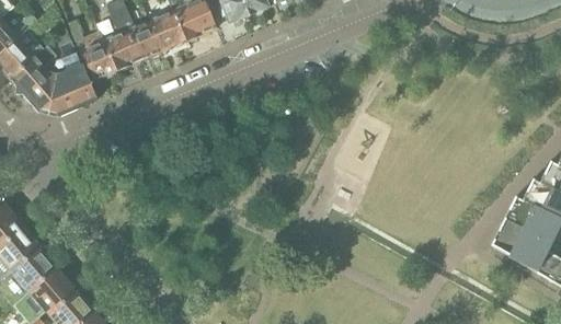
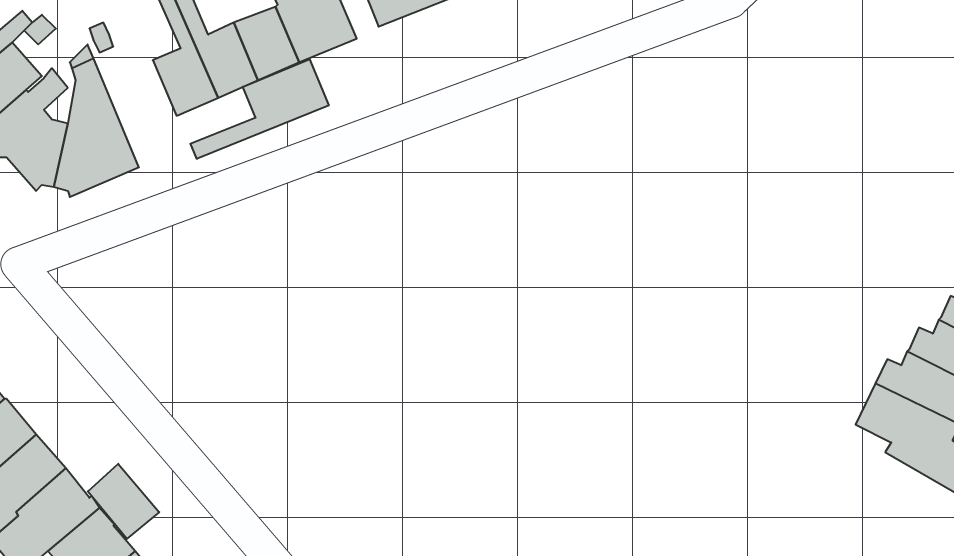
building: none -> [190,59,329,159]
building: [81,39,117,80] -> none
building: none -> [88,464,159,539]

